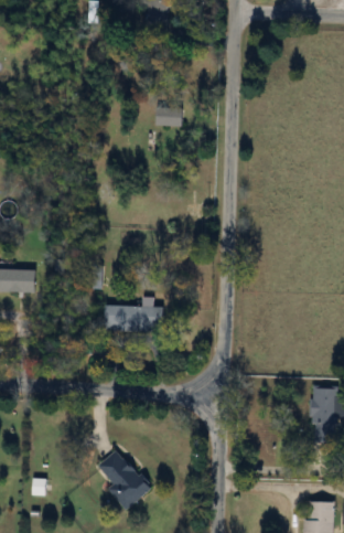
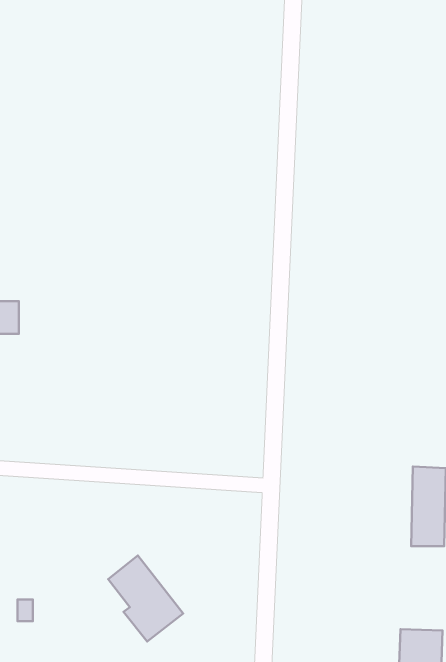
building: [157,105,183,127] -> none
building: [105,306,163,333] -> none

